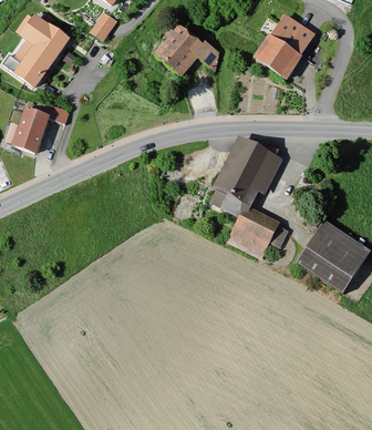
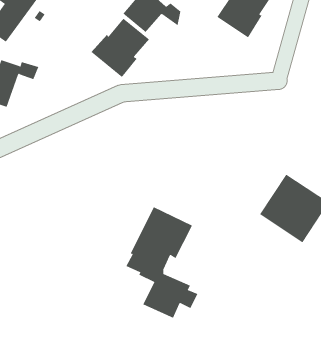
building: none -> [91,18,150,78]
building: [211,139,287,255] -> [126,206,198,319]

